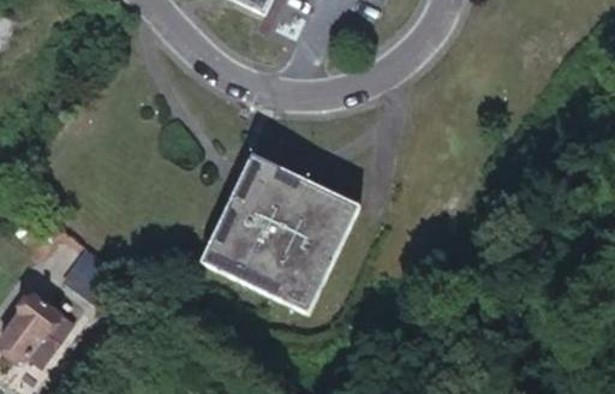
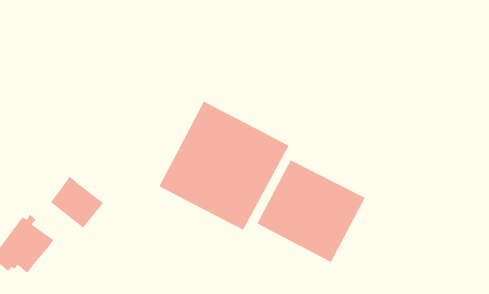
building: none -> [256,159,366,263]

